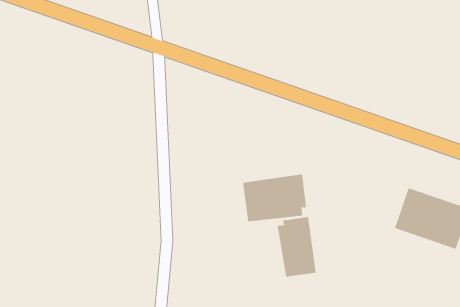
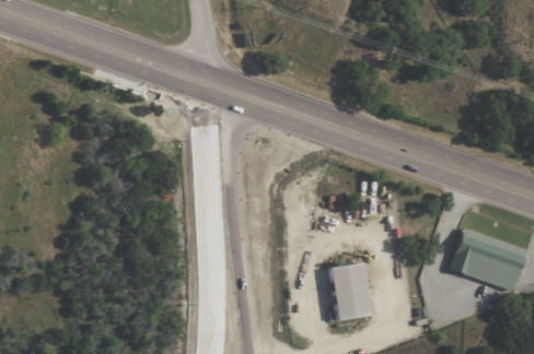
building: [242,173,307,222] -> none

